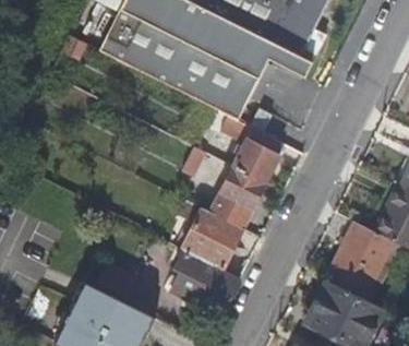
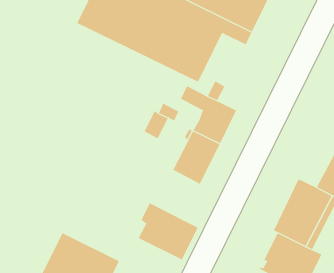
building: [182,208,242,270] -> none

